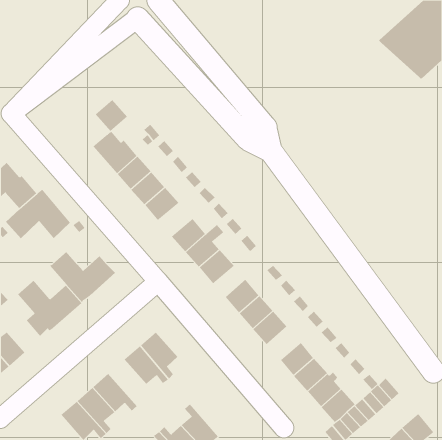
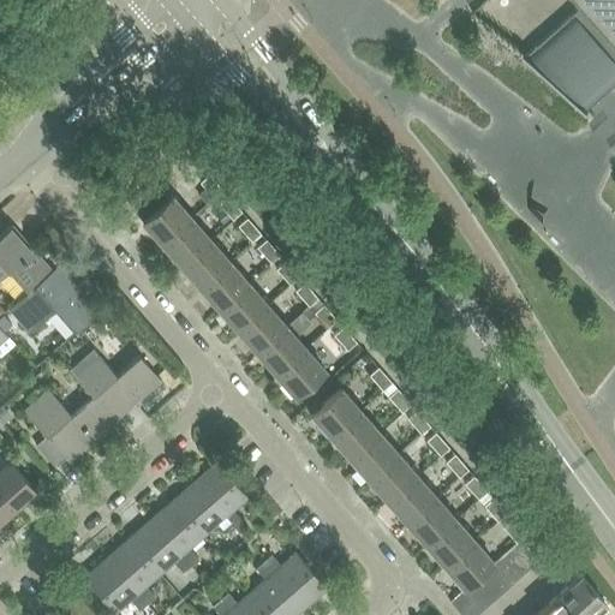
building: [95,99,128,132] -> none
building: none -> [219,285,268,332]
building: none -> [370,456,418,503]
building: none -> [150,502,203,567]
building: none -> [264,554,327,609]

